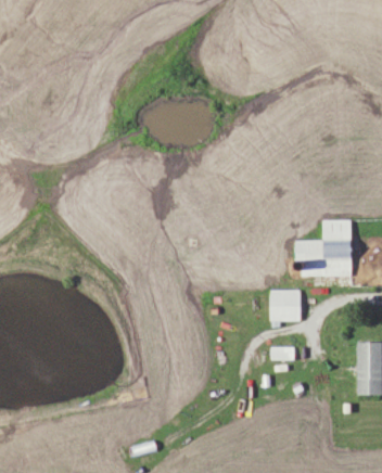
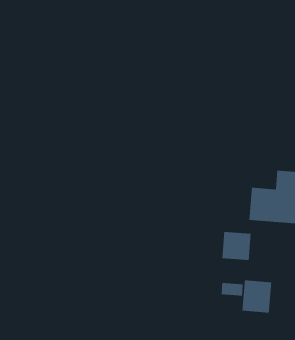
building: none -> [242,280,272,313]

